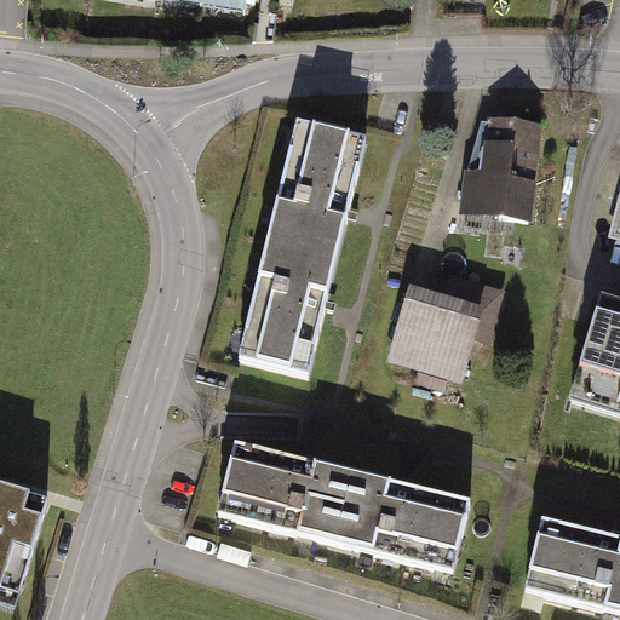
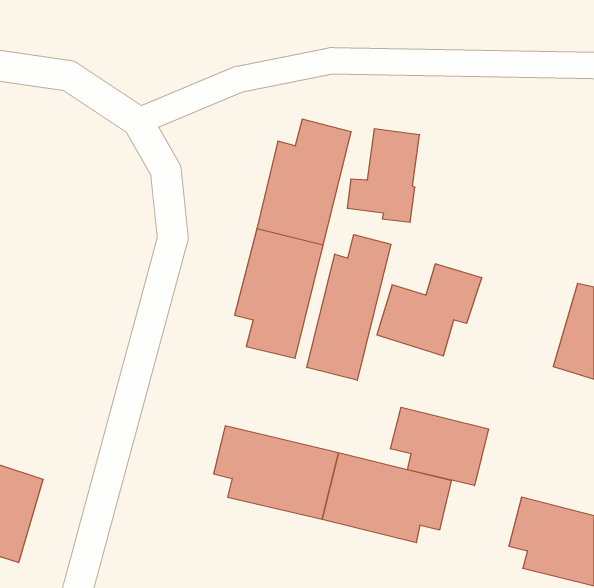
building: [461,119,536,216] -> [347,129,420,222]
building: none -> [307,235,391,380]
building: none -> [390,407,489,486]

